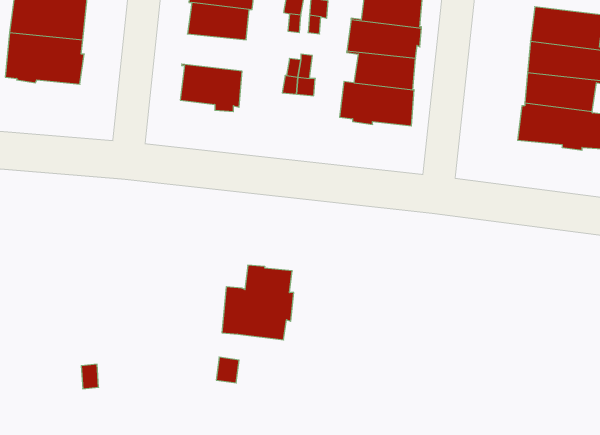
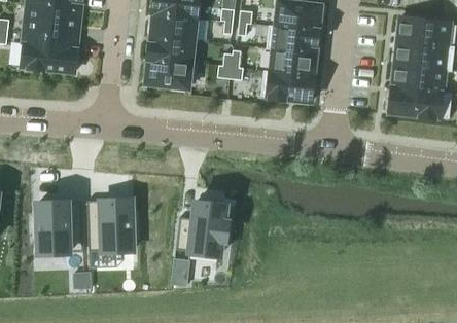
building: none -> [147,35,194,62]
building: none -> [86,199,136,251]
building: none -> [34,200,83,252]

